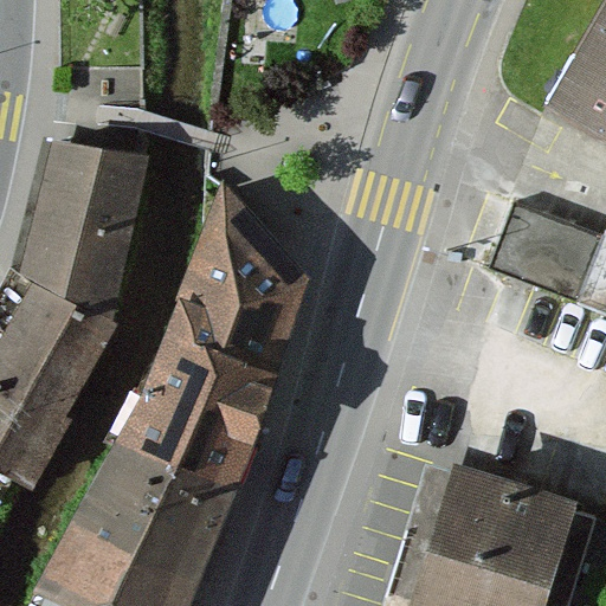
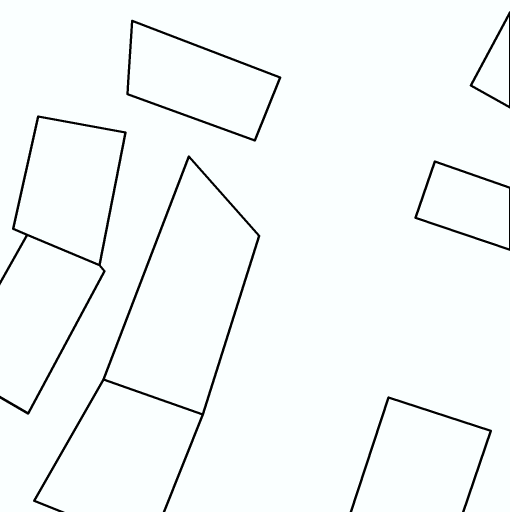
building: none -> [128,21,280,141]

